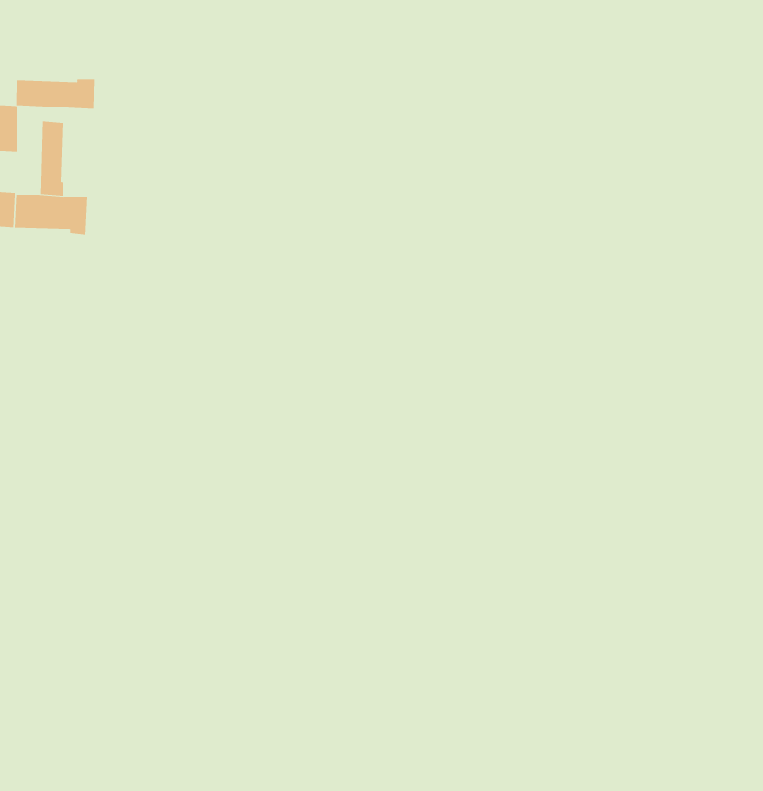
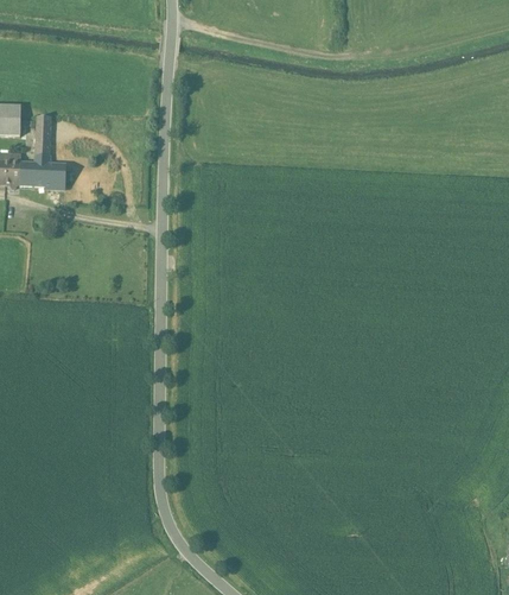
building: [16,78,95,109] -> none

